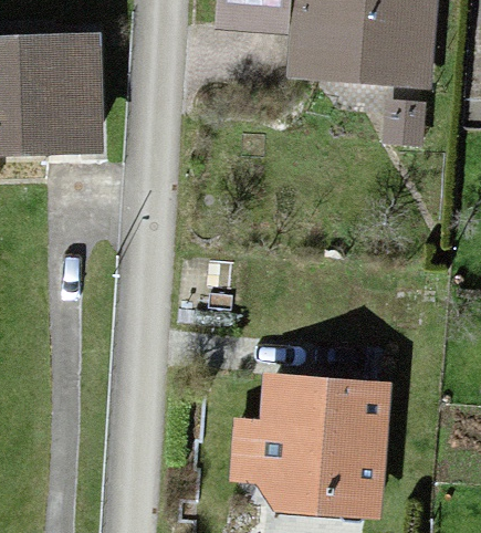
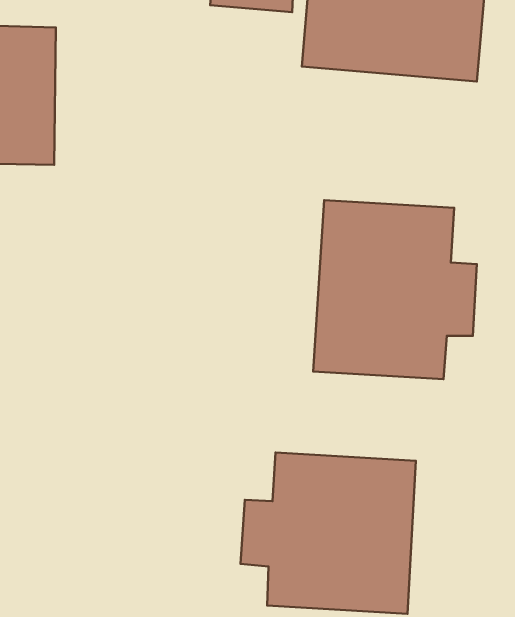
building: none -> [313,200,477,379]

